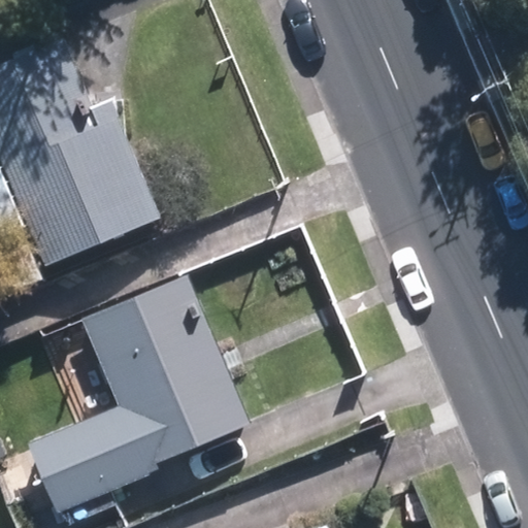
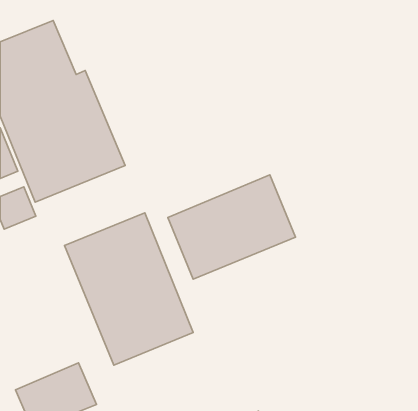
building: none -> [168,175,295,279]

